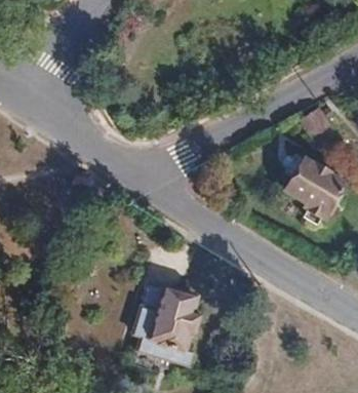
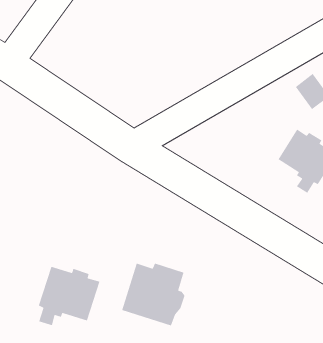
building: none -> [38,266,100,326]

